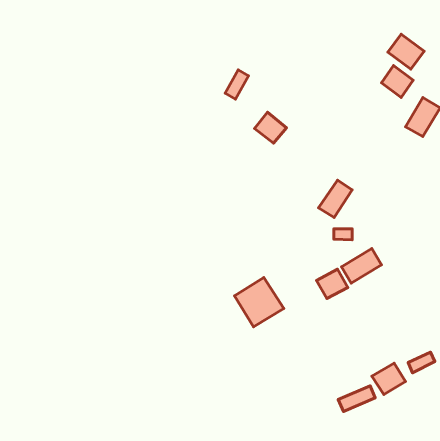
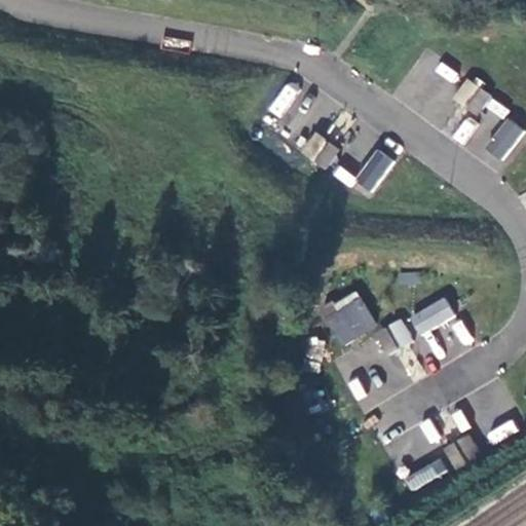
building: [388,34,424,69] -> none
building: [319,180,352,217] -> [352,149,392,193]
building: [235,278,284,327] -> [318,289,377,347]

